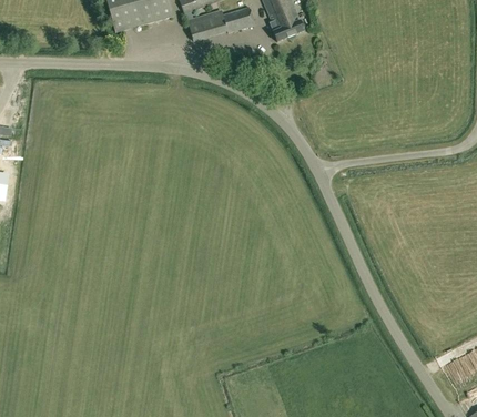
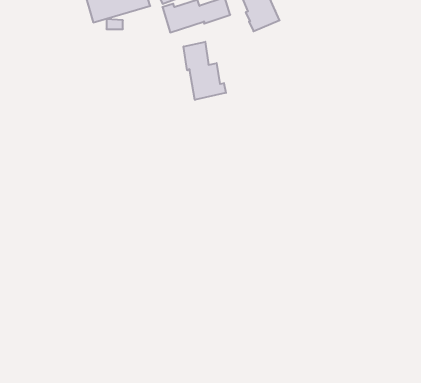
building: none -> [184,42,226,100]

